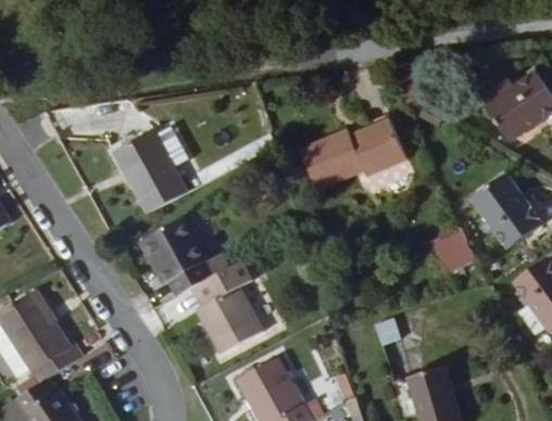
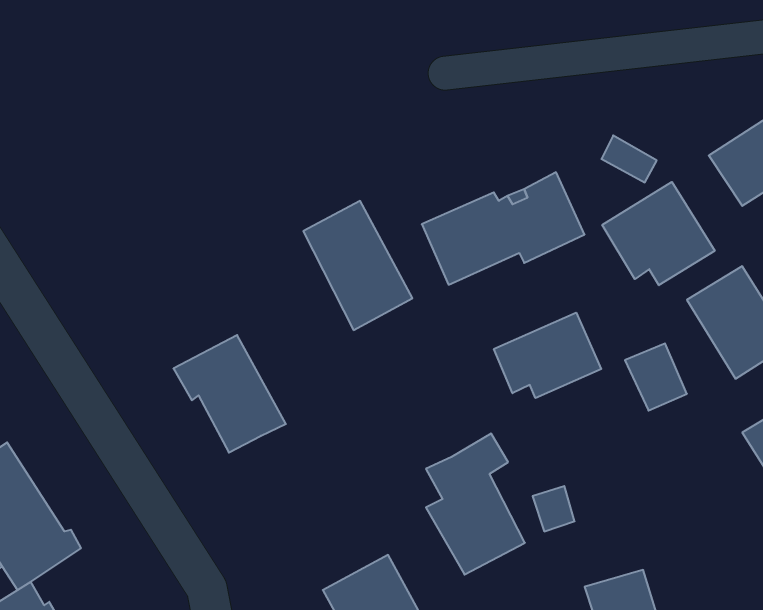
building: none -> [602,182,715,285]
building: [115,128,186,212] -> [303,201,412,330]
building: none -> [494,313,601,398]
building: [197,261,261,353] -> [426,434,525,575]

